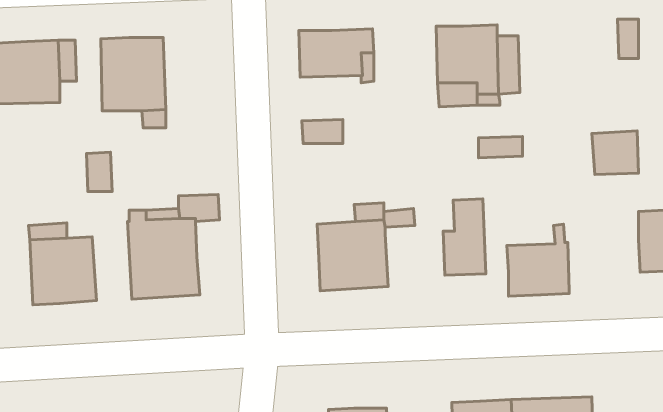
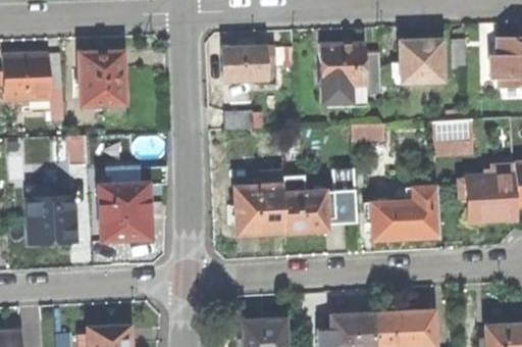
building: none -> [400,40,442,81]
building: none -> [412,186,438,235]
building: none -> [283,192,326,232]

